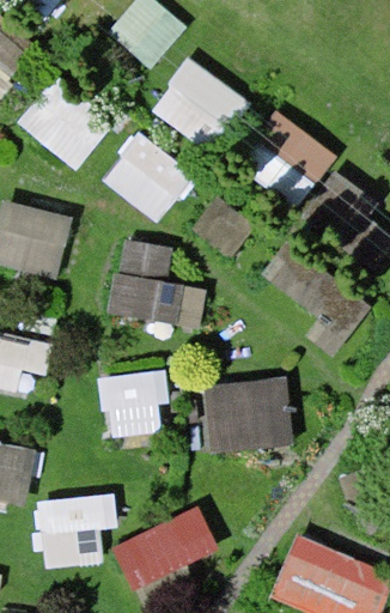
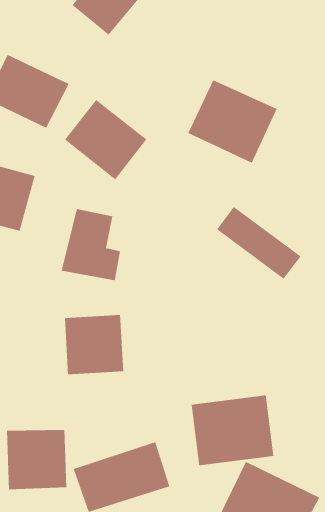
building: [154,60,248,147] -> none
building: [205,375,295,453] -> [191,395,274,466]

